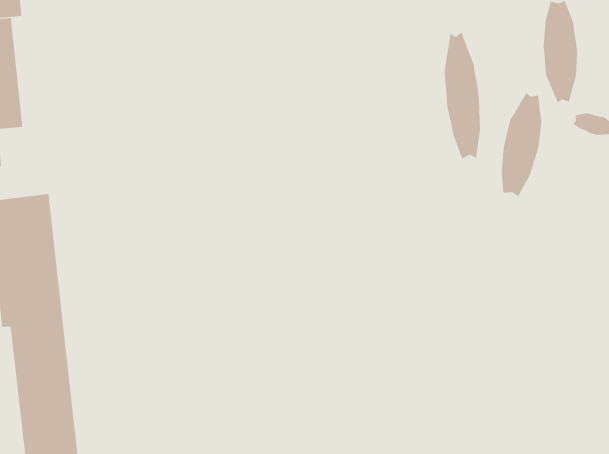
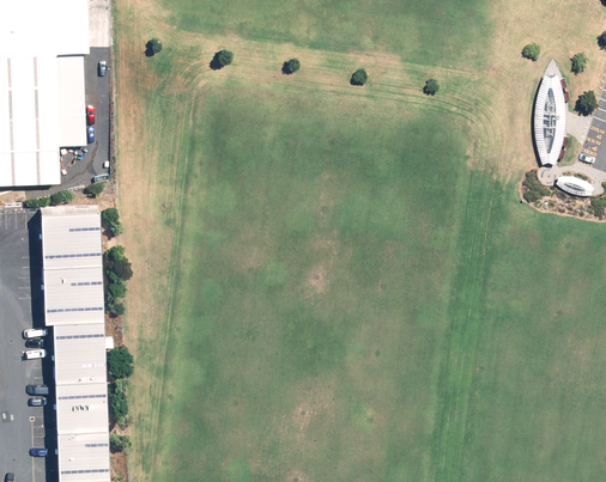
building: [444,32,481,160] -> none
building: [501,92,542,197] -> none

